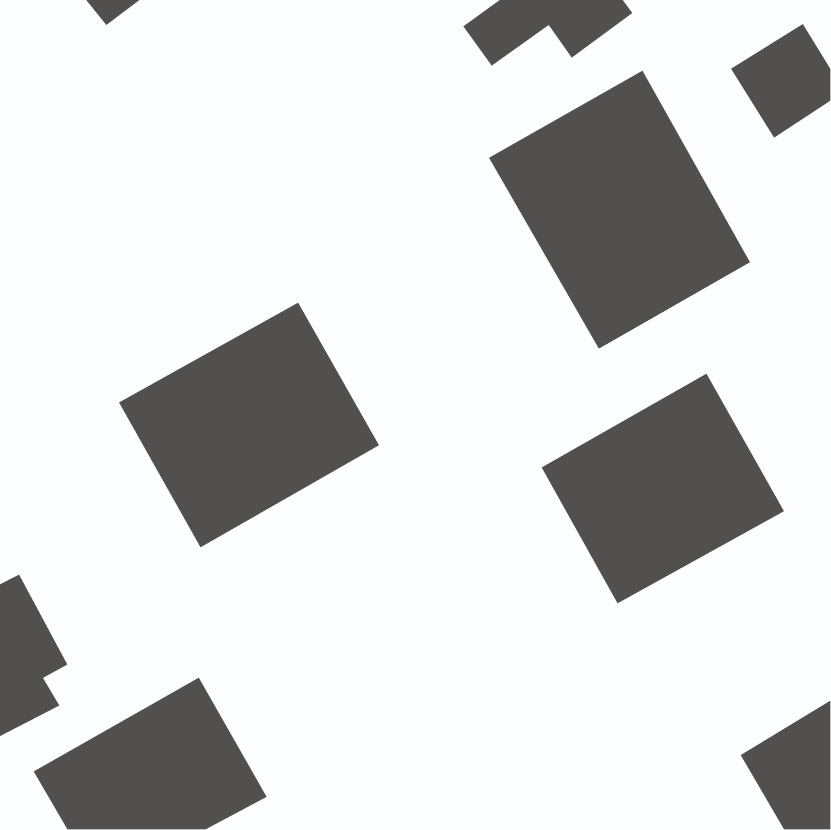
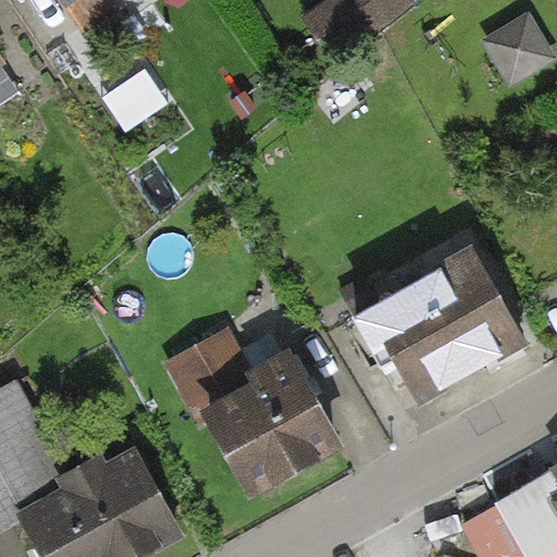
building: [488,70,751,350] -> none
building: [118,301,380,549] -> none
building: none -> [166,322,339,498]

